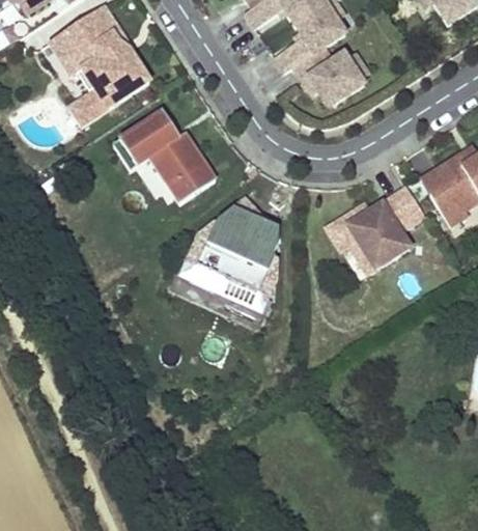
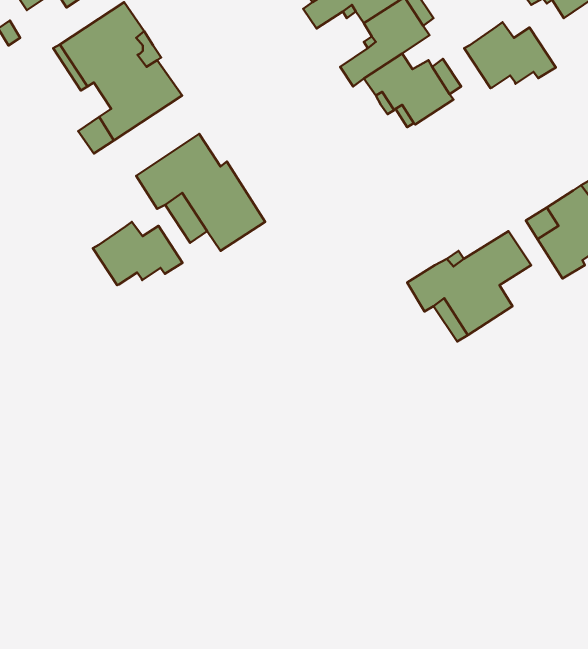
building: none -> [464,22,556,88]
building: none -> [93,222,183,285]
building: [176,205,290,314] -> none

